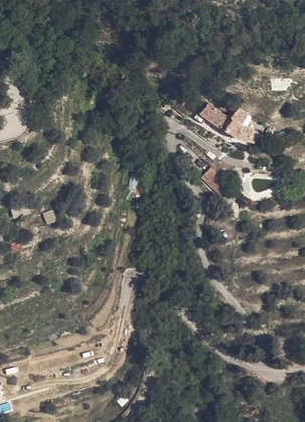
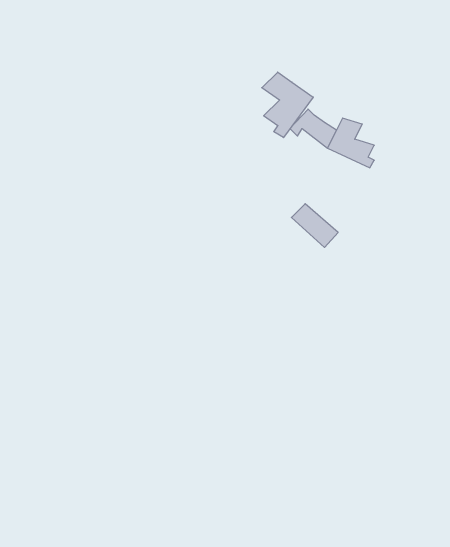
building: none -> [262,72,313,138]

